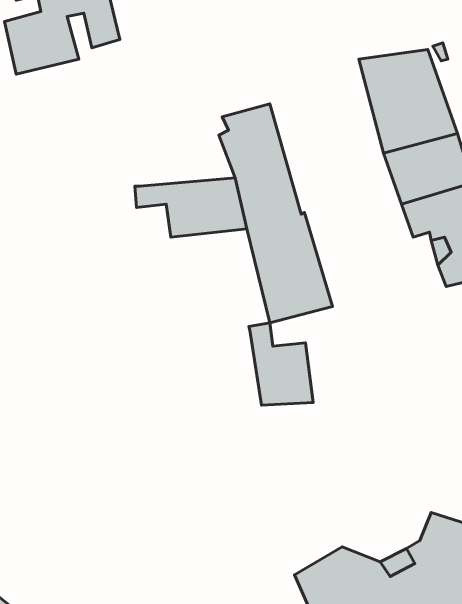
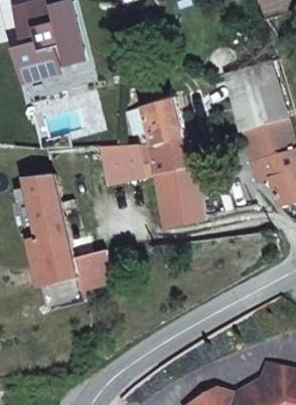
building: none -> [15,172,112,296]
building: [249,323,313,405] -> none

